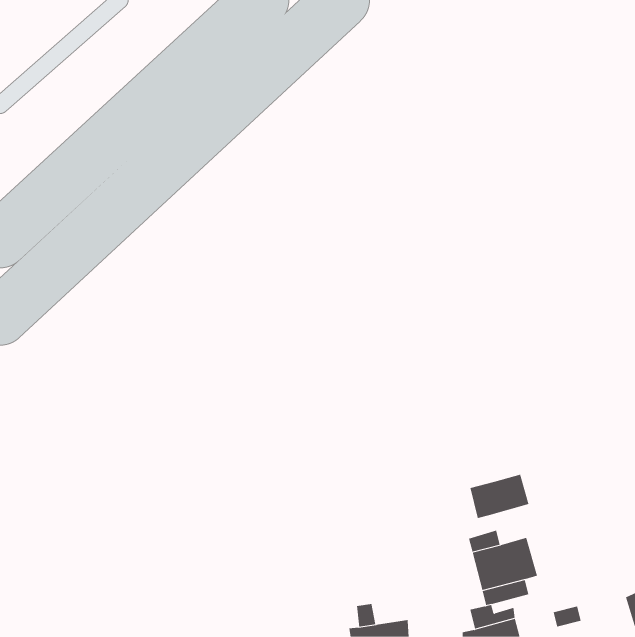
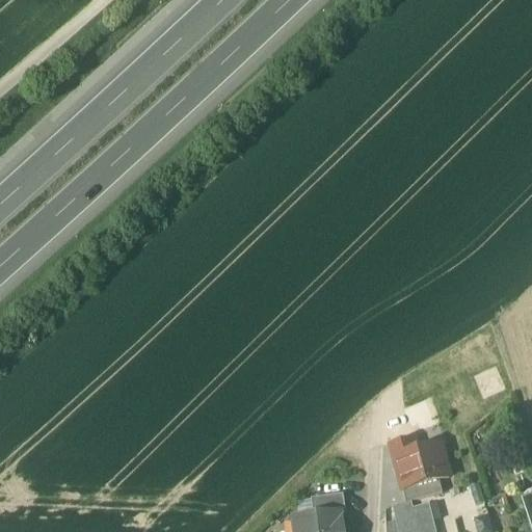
building: [470,474,529,519] -> none
building: none -> [312,498,346,521]

